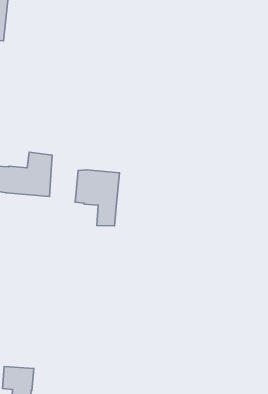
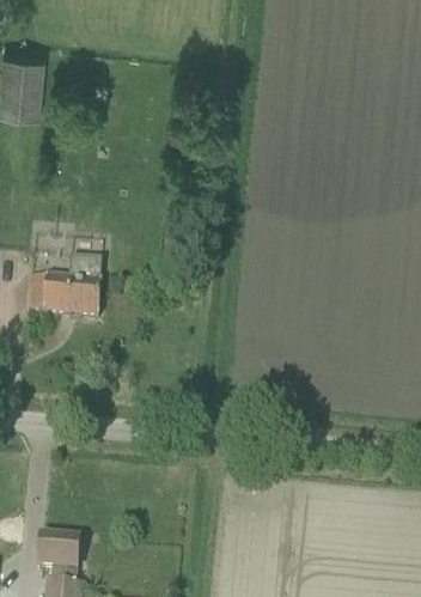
building: [75,170,120,226] -> none

